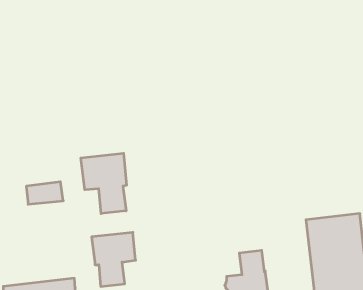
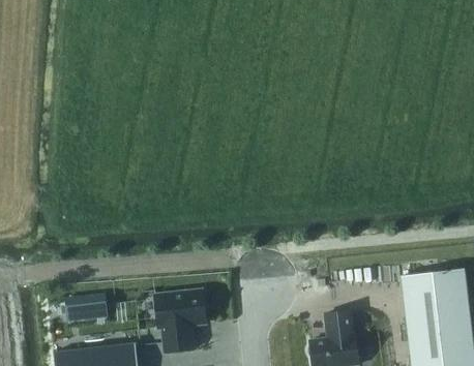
building: [81,153,126,214] -> none
building: [26,182,63,204] -> [65,296,108,322]

